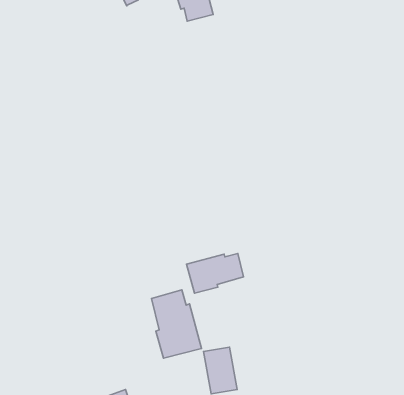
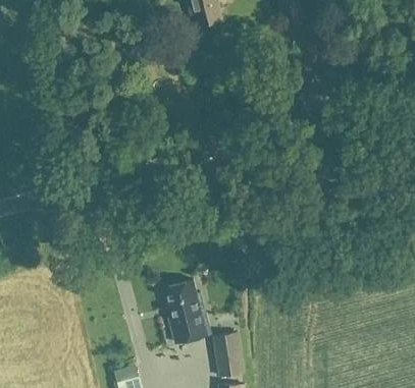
building: [187,253,244,293] -> none

